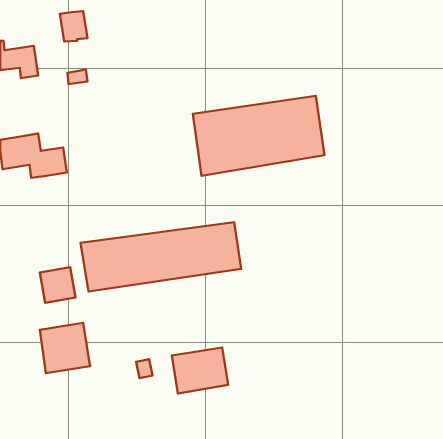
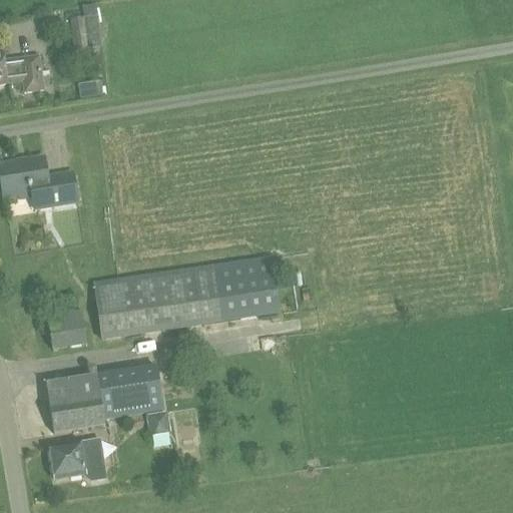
building: [193,96,325,176] -> none
building: [172,348,228,394] -> [96,364,161,417]
building: none -> [50,437,106,479]

